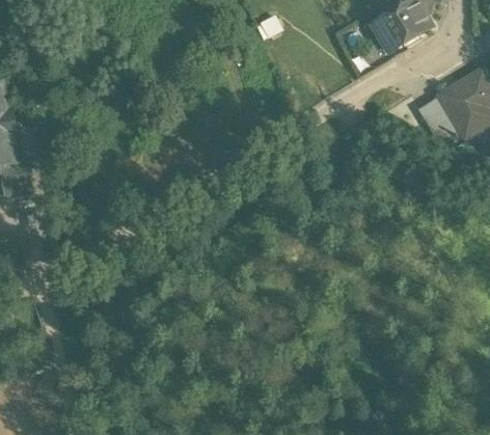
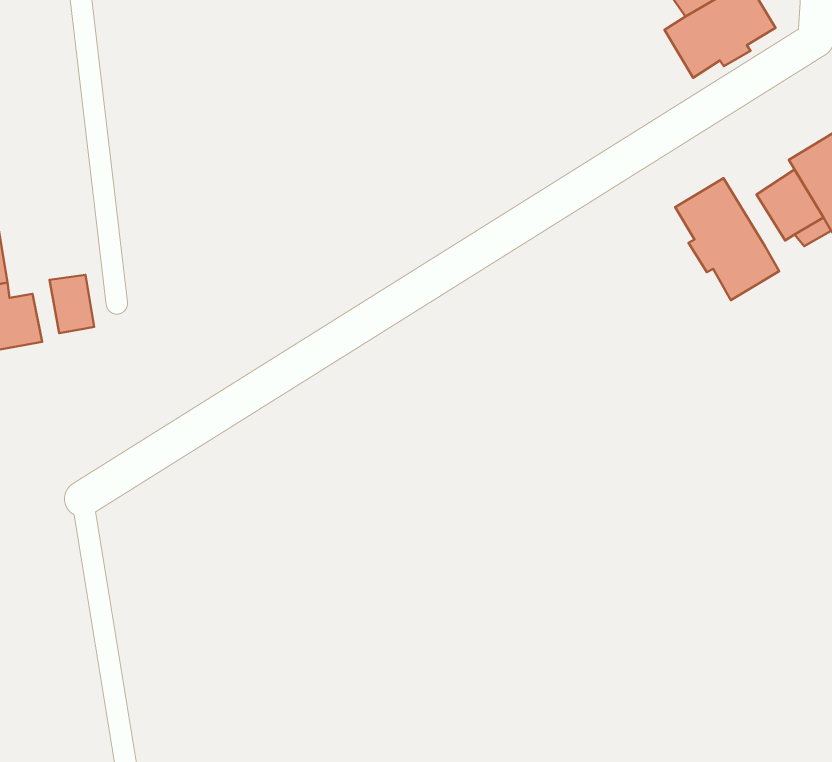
building: none -> [675,178,779,300]
building: none -> [49,275,94,333]

